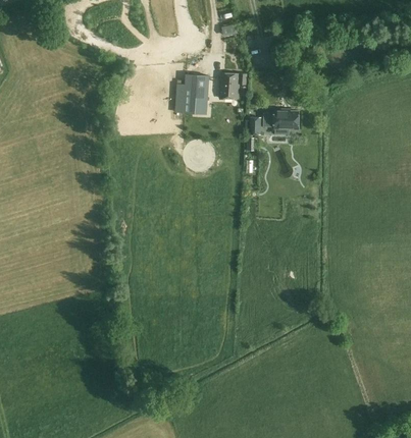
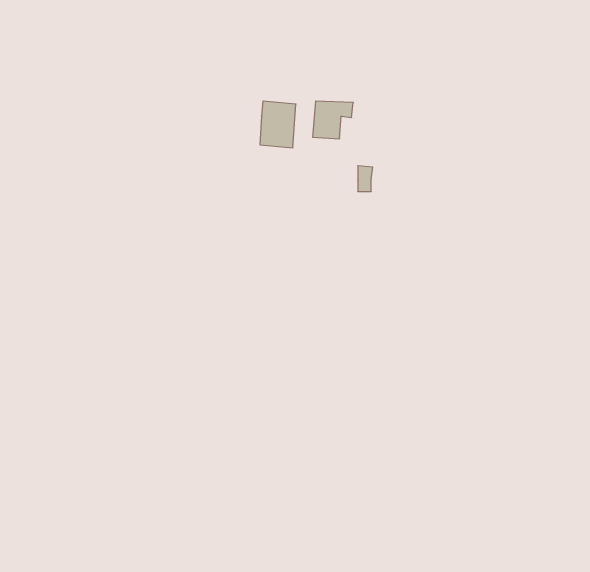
building: [263,110,298,133] -> none

